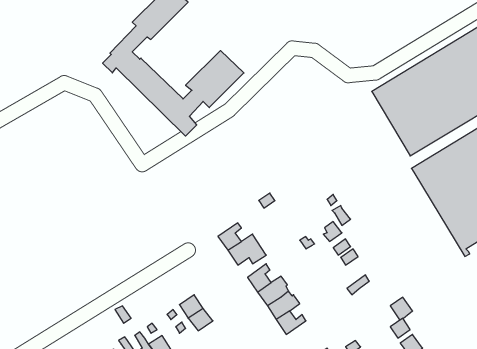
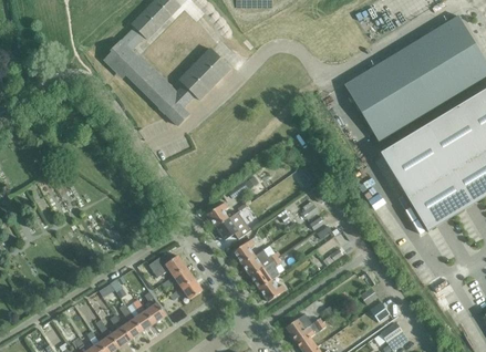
building: none -> [148,253,186,278]

